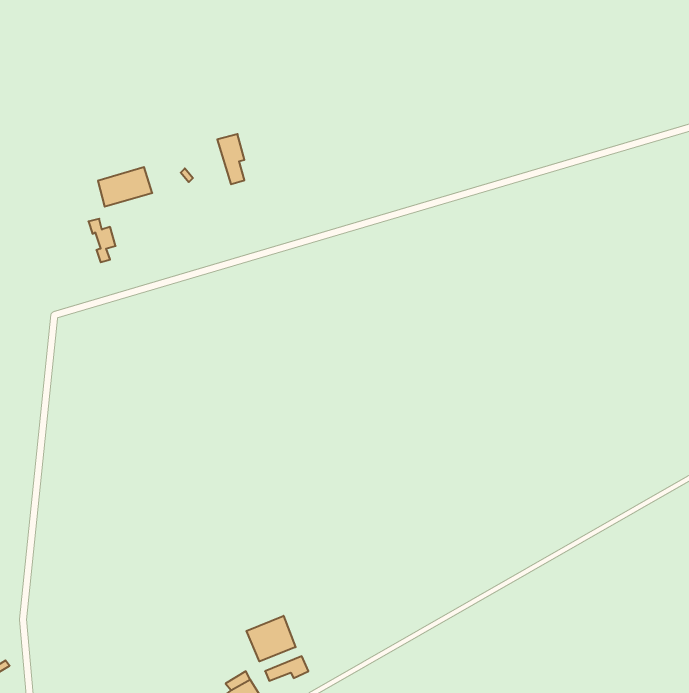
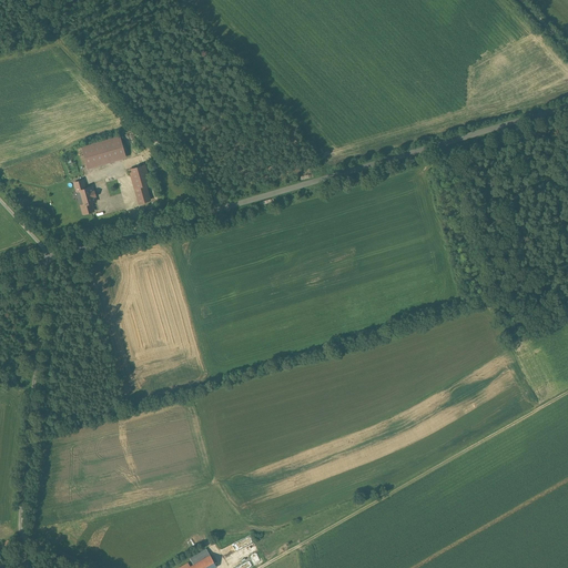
building: [217,134,244,184] -> [126,164,149,205]
building: [246,616,296,661] -> none

